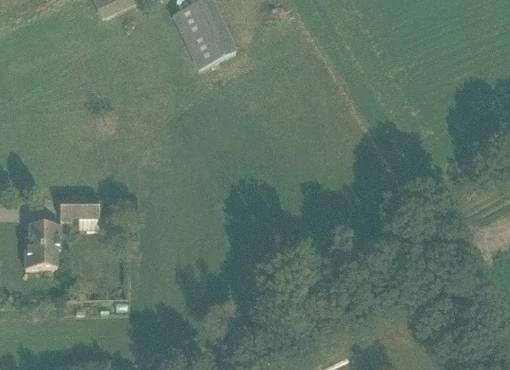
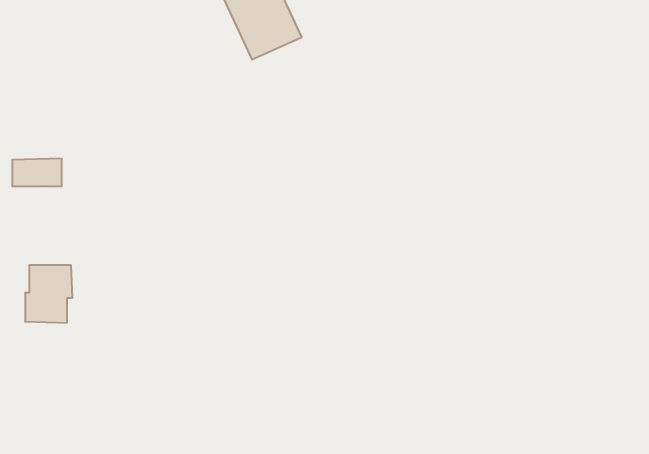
building: [60,196,98,217] -> [12,159,62,186]

